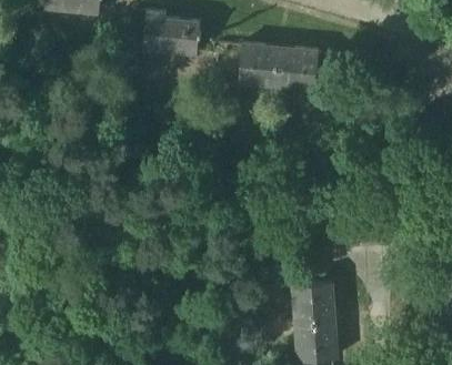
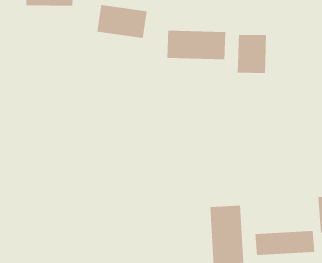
building: none -> [237,34,267,74]
building: none -> [255,230,315,256]

